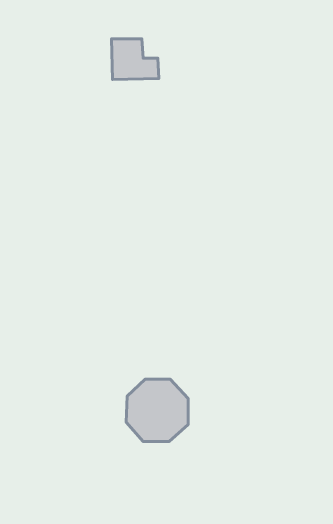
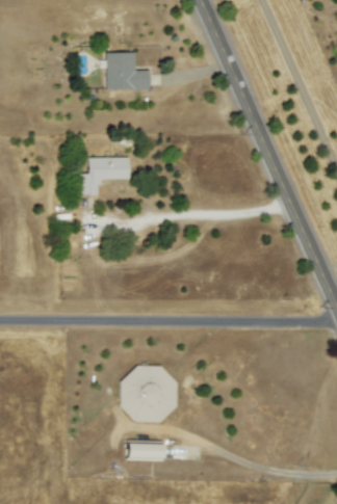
building: none -> [80,157,130,194]
building: none -> [126,441,162,459]

